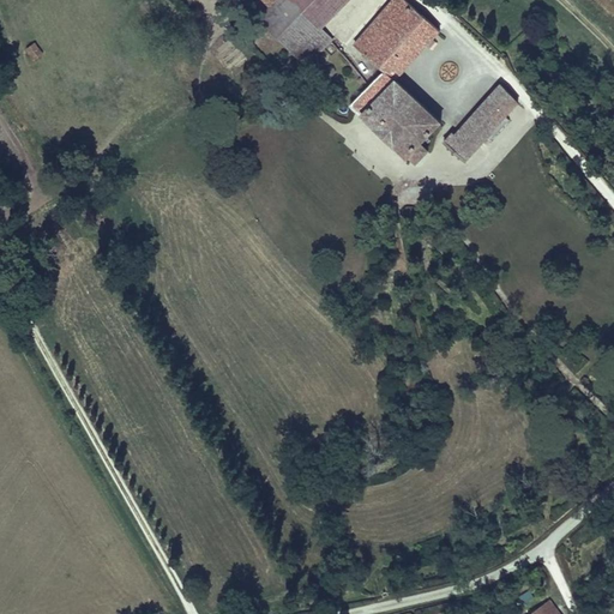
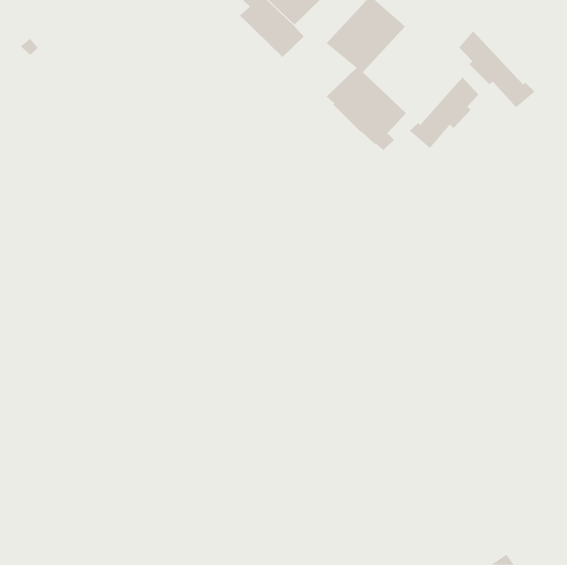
building: none -> [458,31,536,108]

